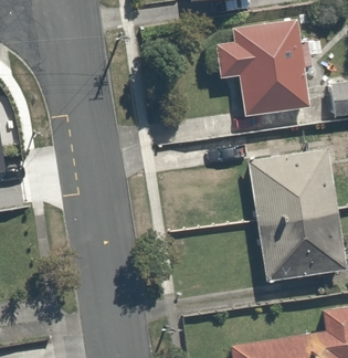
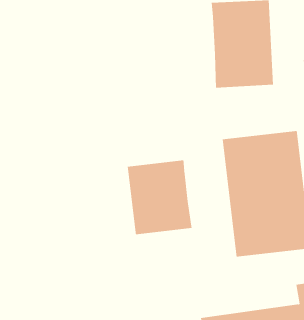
building: none -> [127,160,192,235]

